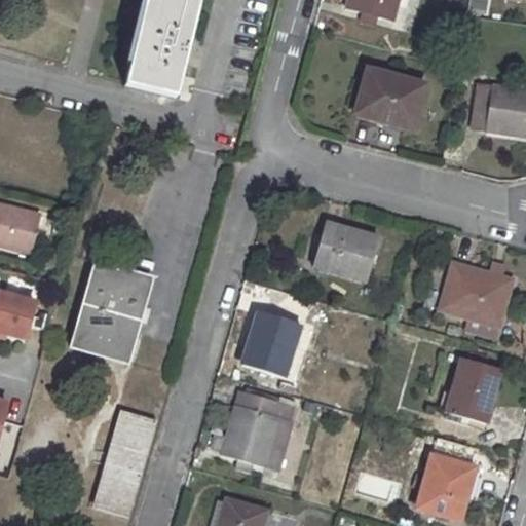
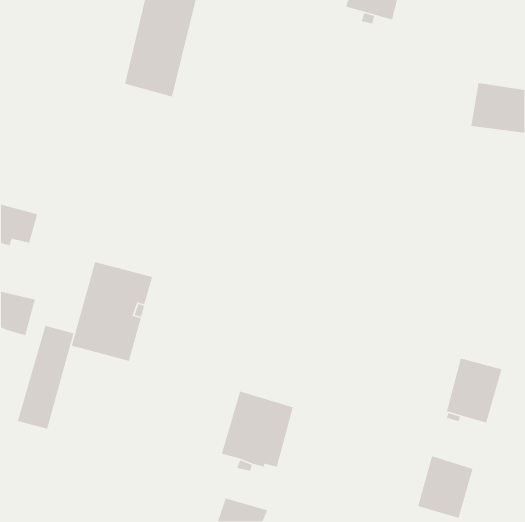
building: [354,68,423,127] -> none
building: [312,222,378,279] -> none
building: [441,262,513,326] -> none
building: [241,311,298,376] -> none
building: [98,410,155,515] -> [17,325,75,430]

